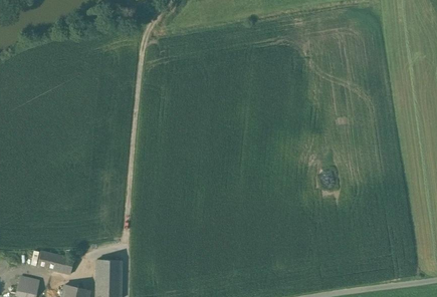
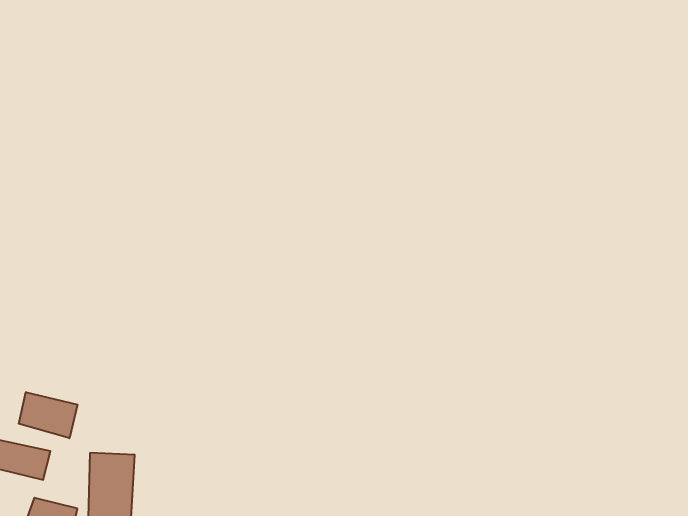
building: none -> [19,392,77,438]

